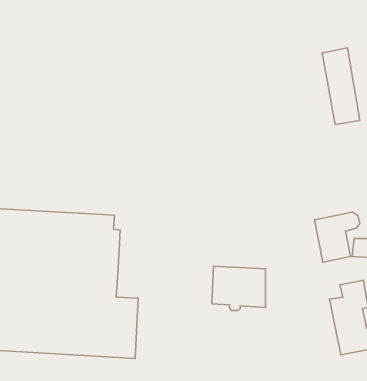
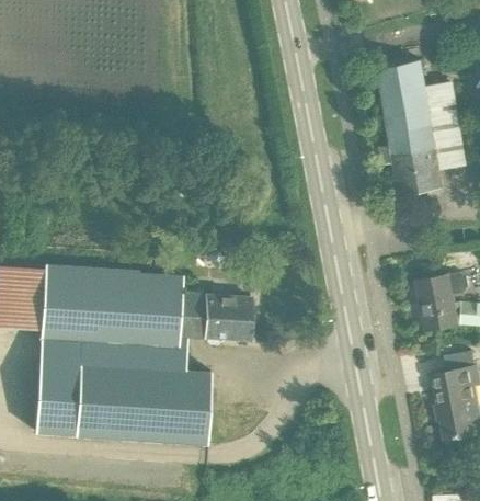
building: none -> [377,61,442,194]
building: [212,266,266,310] -> [187,294,250,345]

